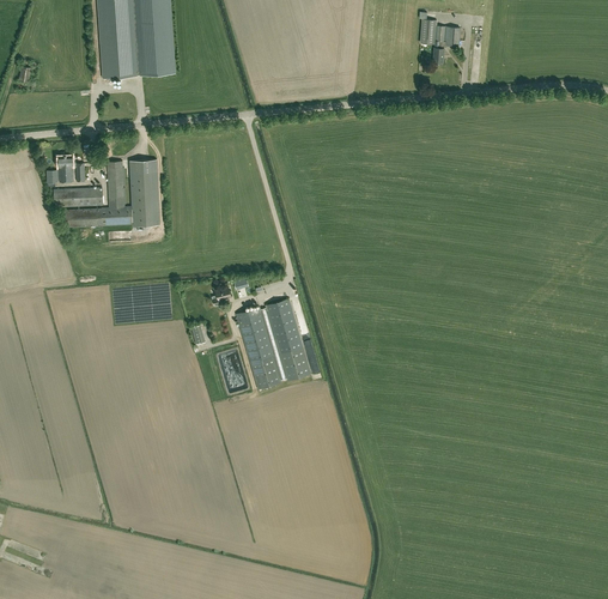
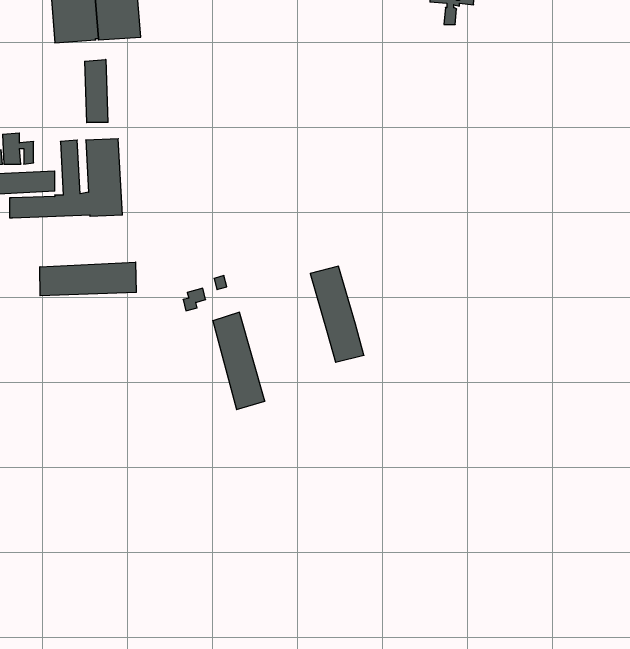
building: none -> [85,59,108,123]
building: none -> [40,262,136,296]
building: [266,298,311,380] -> [310,266,364,362]

